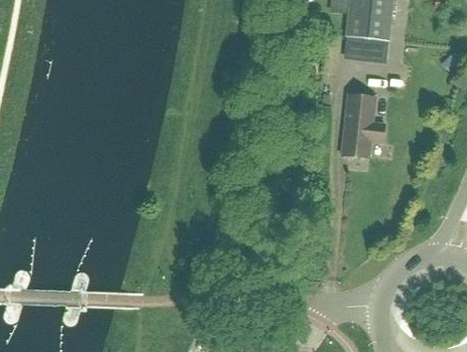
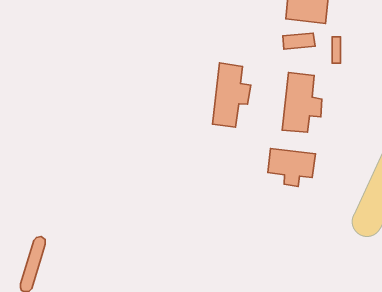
building: none -> [212,63,251,127]
building: none -> [268,149,316,187]

